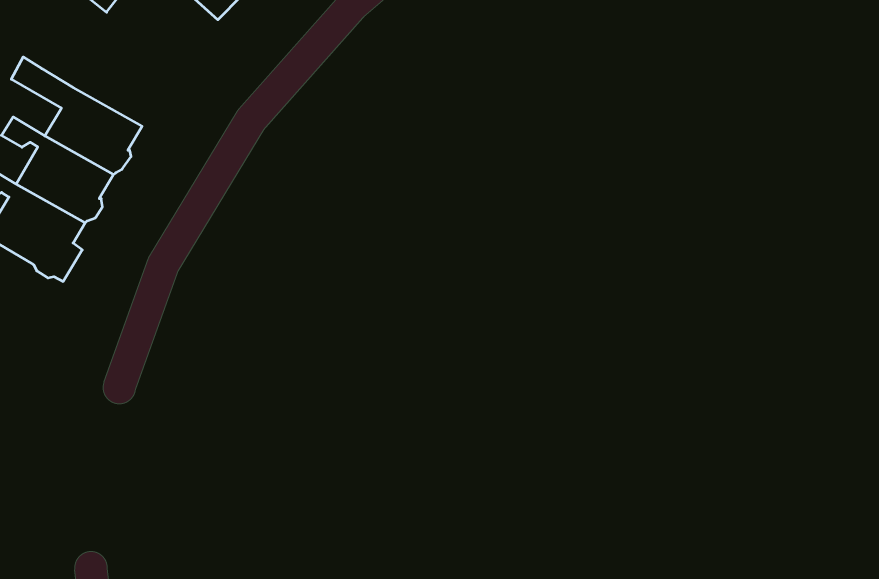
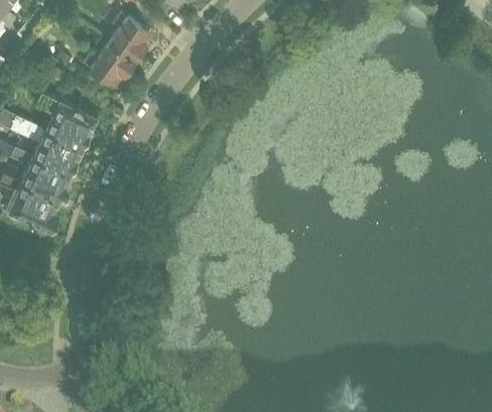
building: none -> [36,87,97,142]

